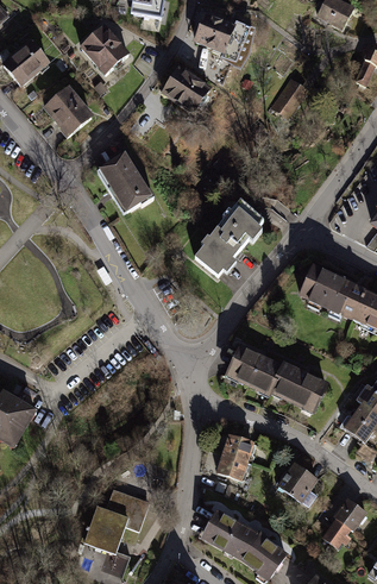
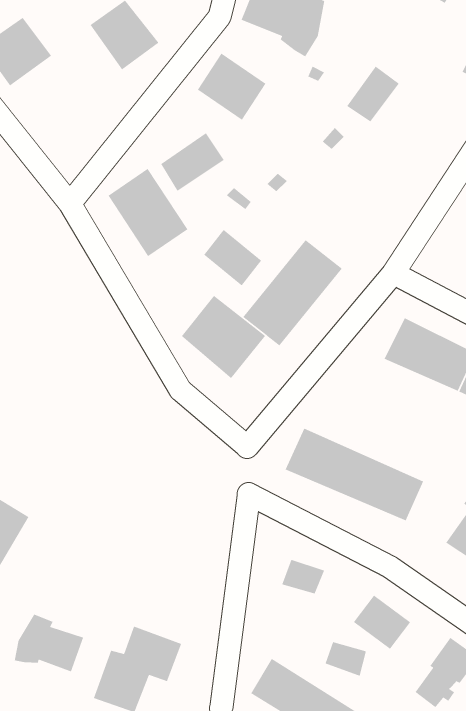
building: [43,86,95,138] -> none
building: none -> [160,132,225,192]
building: none -> [203,229,262,286]
building: none -> [181,295,266,379]
building: [215,456,246,482] -> [325,641,367,677]
building: none -> [14,614,84,672]

